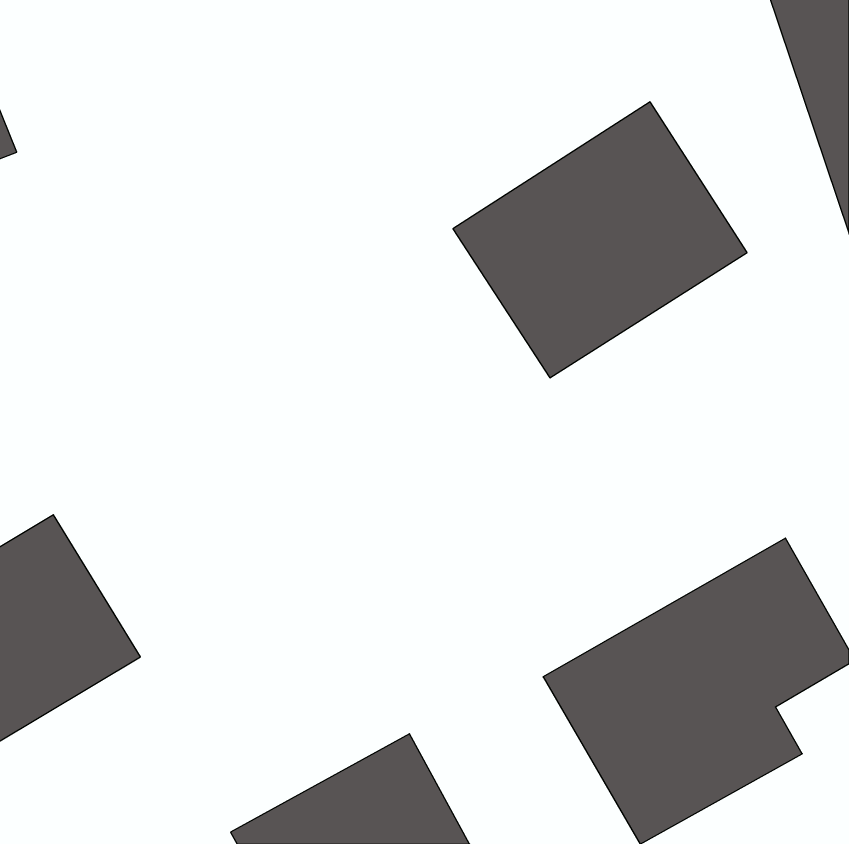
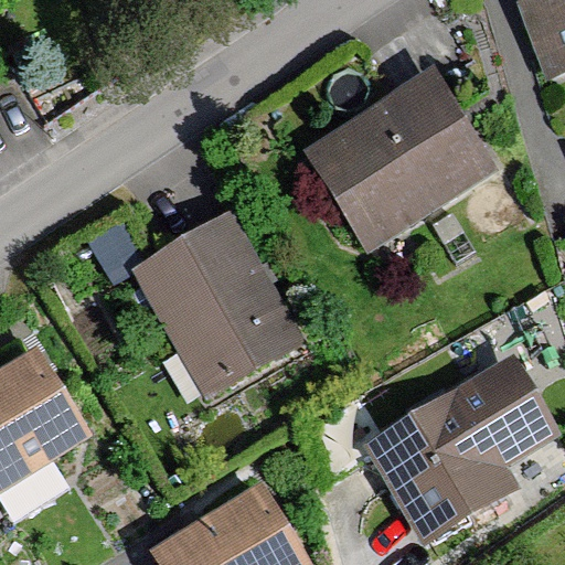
building: none -> [129,210,307,396]

